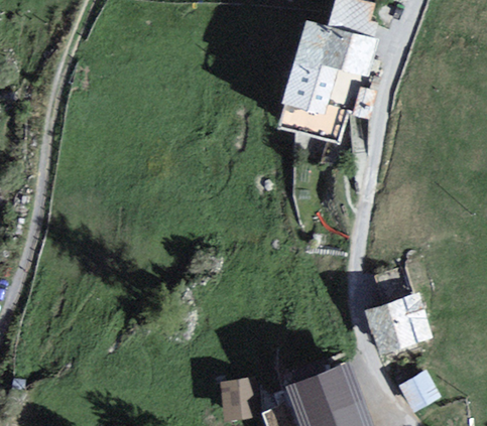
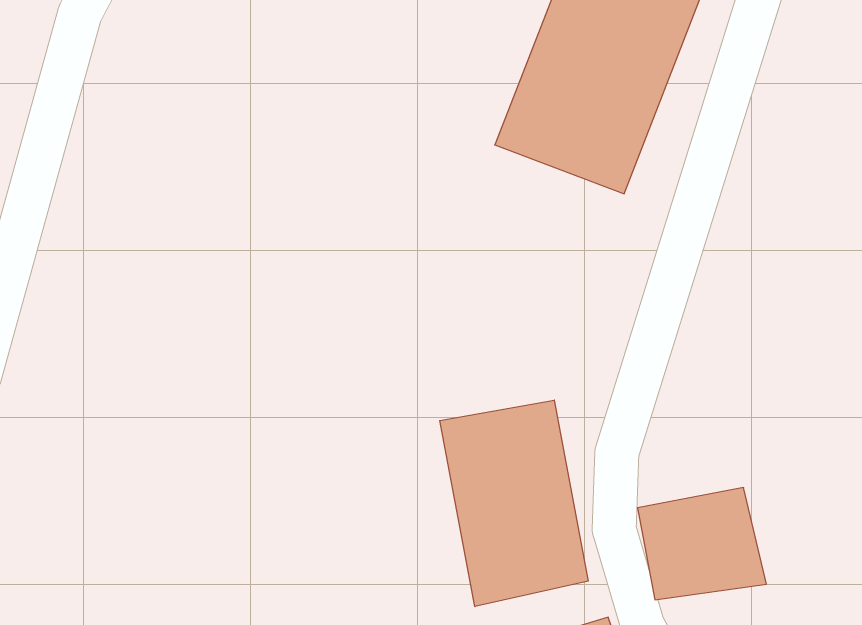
building: none -> [440,400,588,607]

